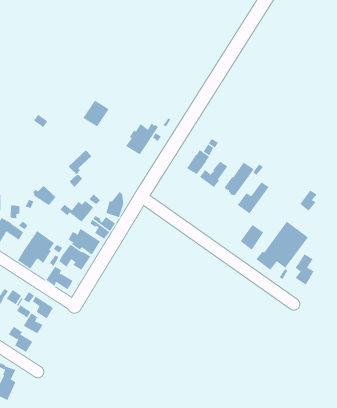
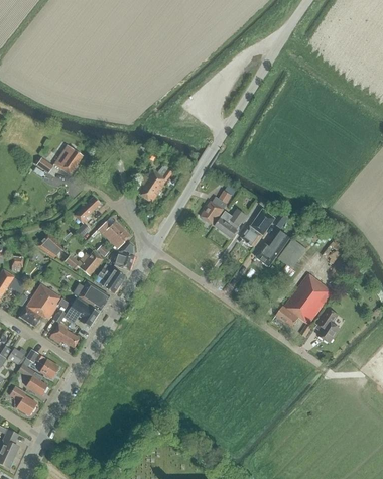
building: [82,100,110,127] -> [53,145,83,174]
building: none -> [97,221,130,248]
building: [240,224,264,250] -> [281,236,307,264]

